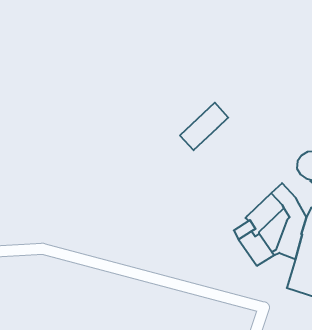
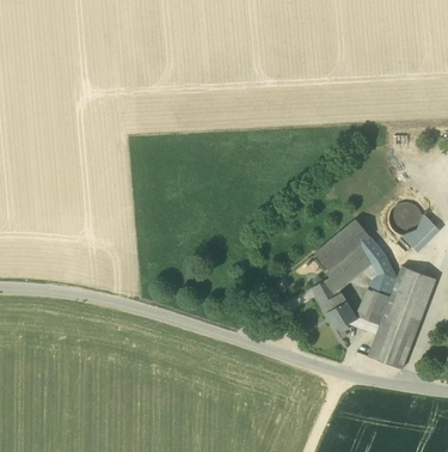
building: [180,103,228,150] -> [314,219,370,271]

